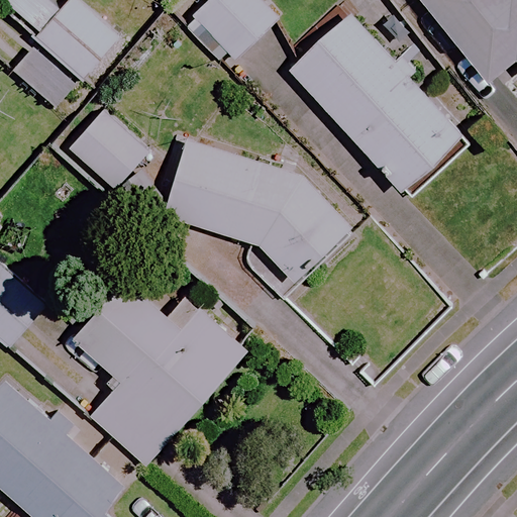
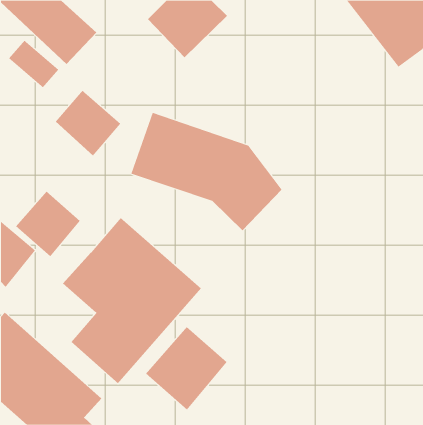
building: [290,12,464,193] -> none
building: none -> [15,191,80,257]
building: none -> [145,326,228,411]

